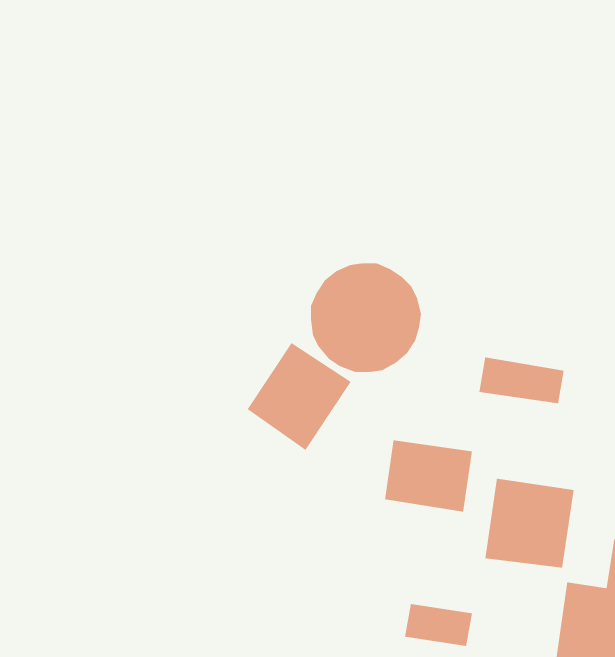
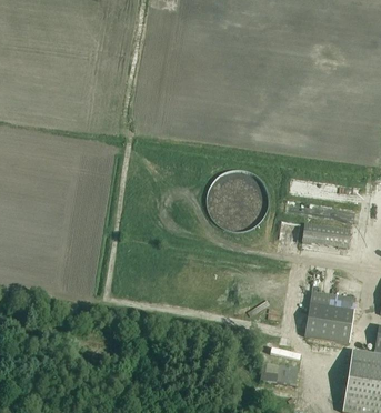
building: [247,342,351,451] -> none
building: [385,439,473,513] -> none

